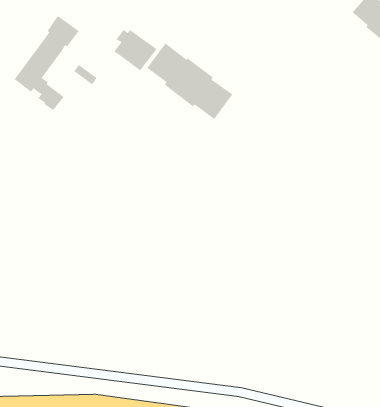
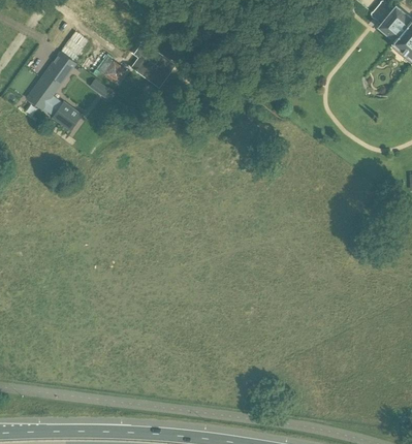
building: none -> [95,54,127,85]
building: [146,43,233,120] -> none

